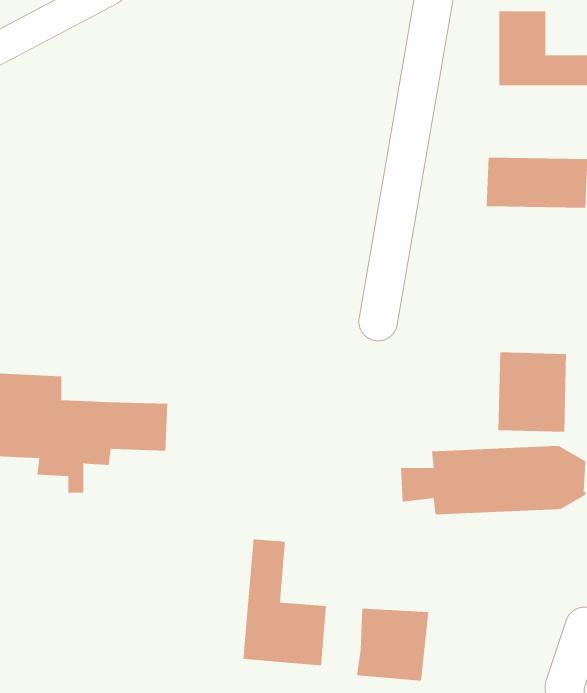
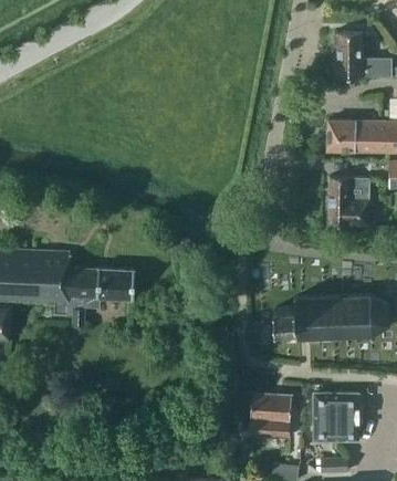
building: [498,352,567,432] -> [328,178,370,227]
building: [243,538,326,666] -> none
building: none -> [314,395,359,441]

